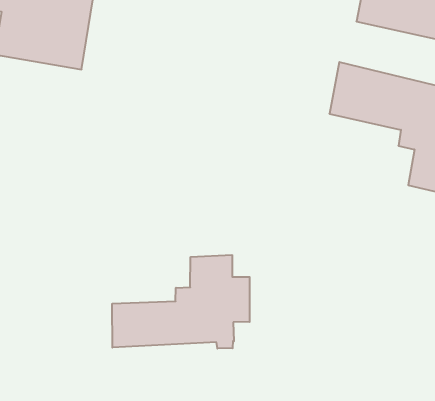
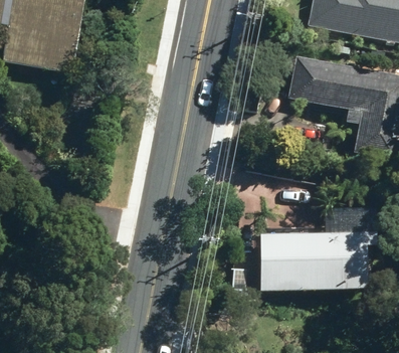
building: [112,255,250,349] -> none
building: none -> [247,233,360,291]

